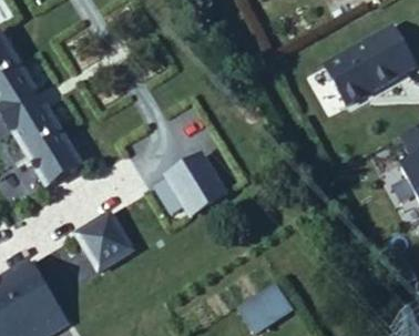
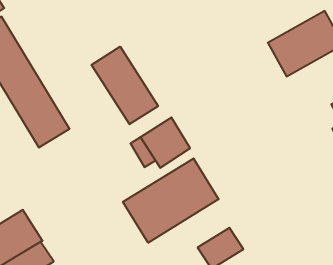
building: none -> [92,47,158,124]
building: none -> [123,158,219,243]
building: [78,212,136,271] -> none

